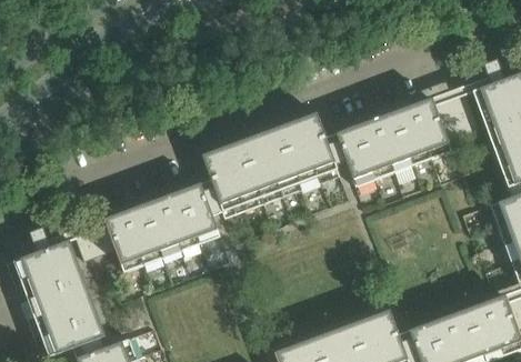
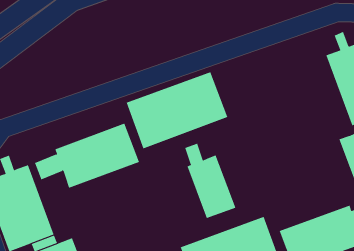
building: [335,92,480,185] -> none
building: none -> [184,143,236,219]

